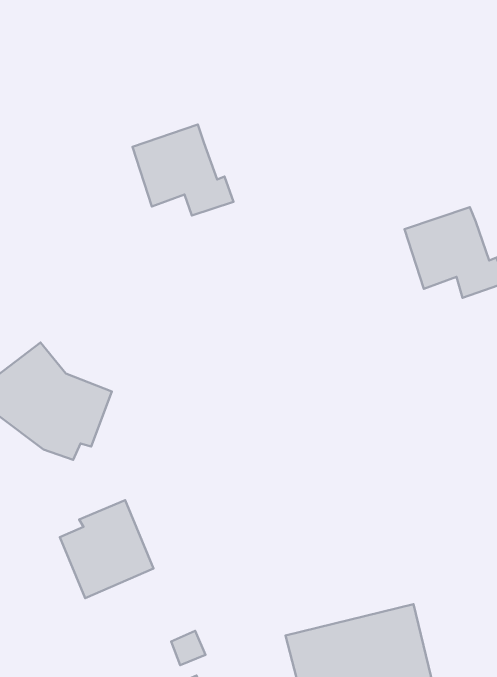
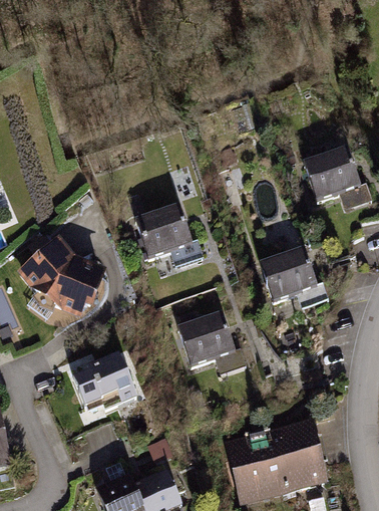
building: [132,125,233,215] -> [135,207,204,268]
building: none -> [259,243,327,305]
building: none -> [176,309,243,369]

